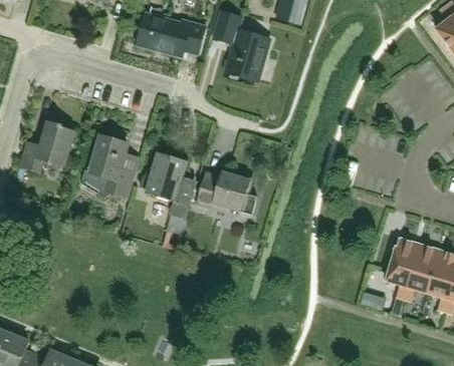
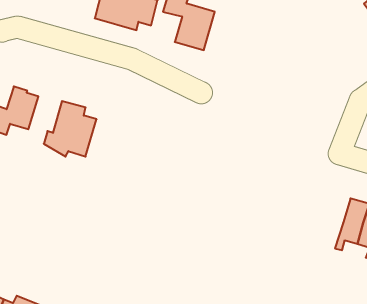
building: [140,150,197,217] -> none
building: [198,170,256,214] -> none
building: [385,236,420,298] -> none

